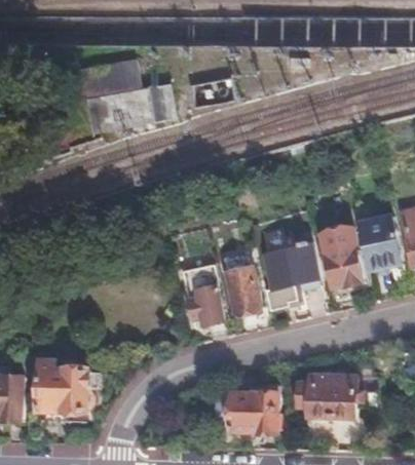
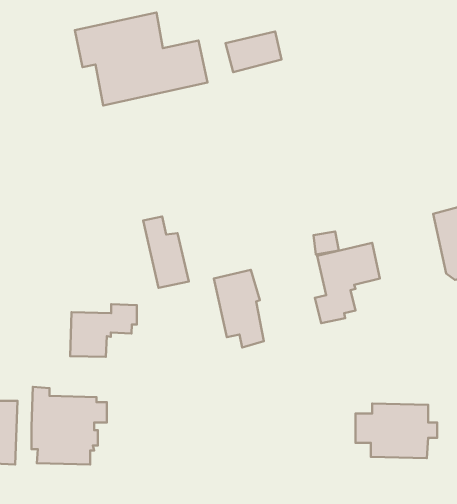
building: [320,227,364,293] -> none
building: [225,257,262,314] -> [143,217,189,288]
building: none -> [70,304,137,357]
building: [221,383,278,431] -> none

